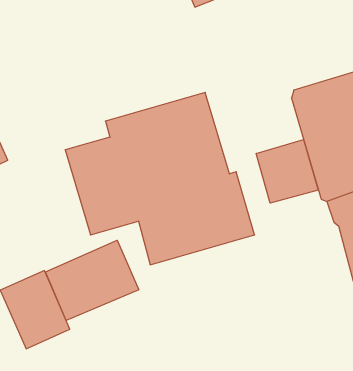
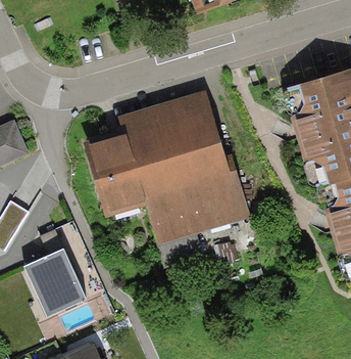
building: [256,139,318,203] -> none
building: [45,240,139,321] -> none

